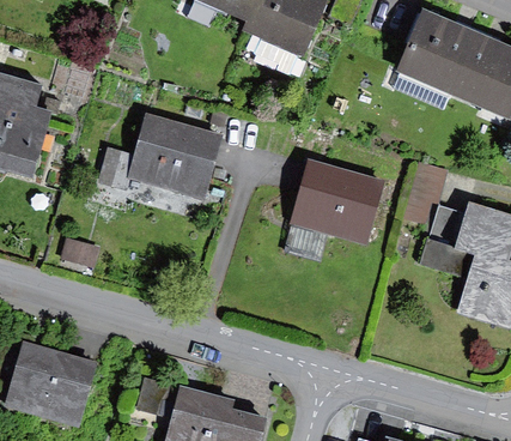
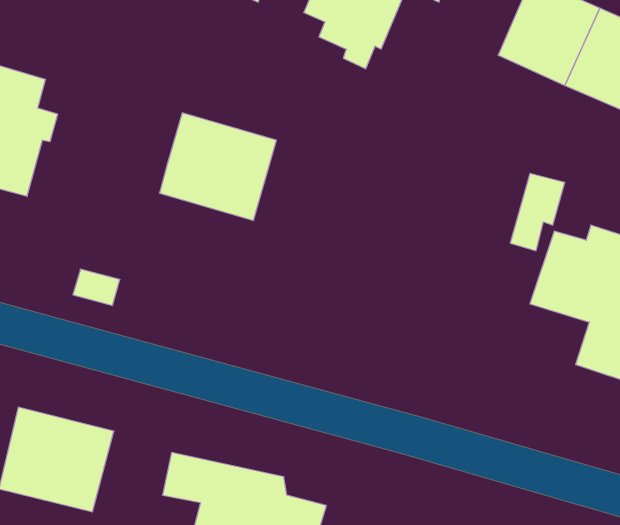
building: [98,146,135,191] -> none
building: [288,165,379,247] -> none

